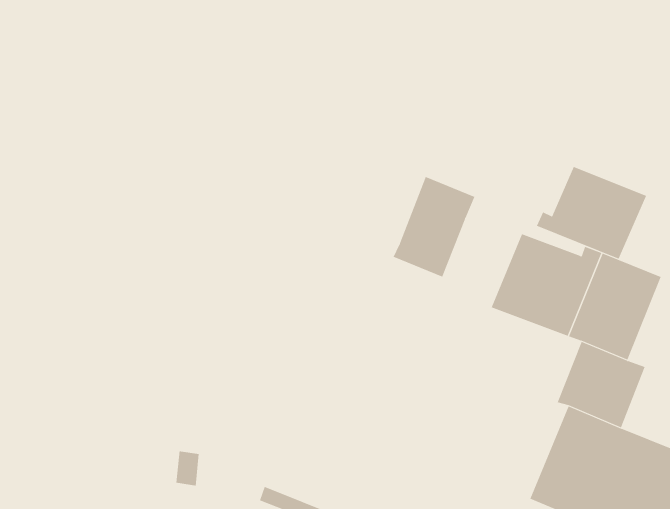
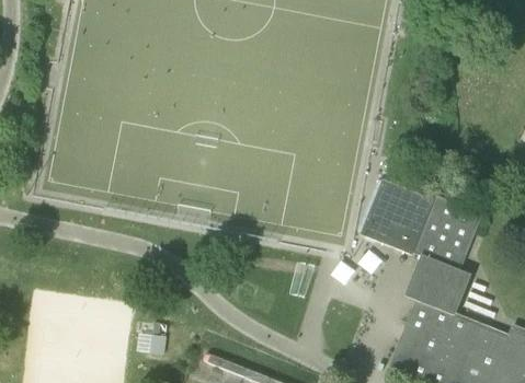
building: [536,166,647,259] -> none
building: [393,176,475,278] -> none

